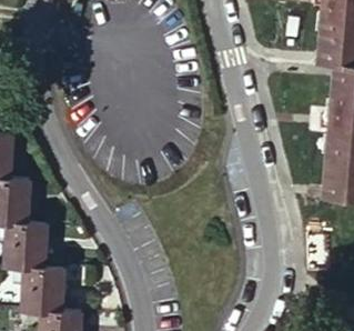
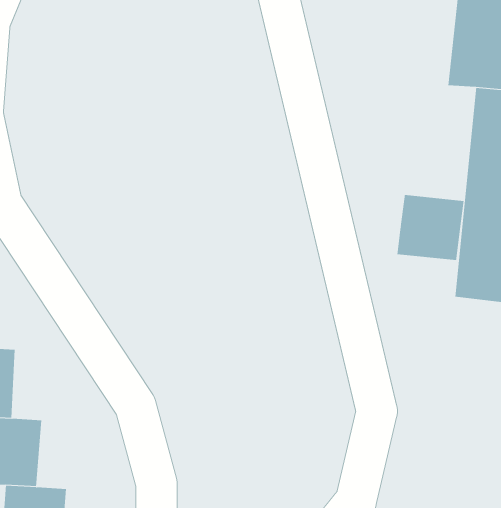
building: none -> [397,194,464,261]

